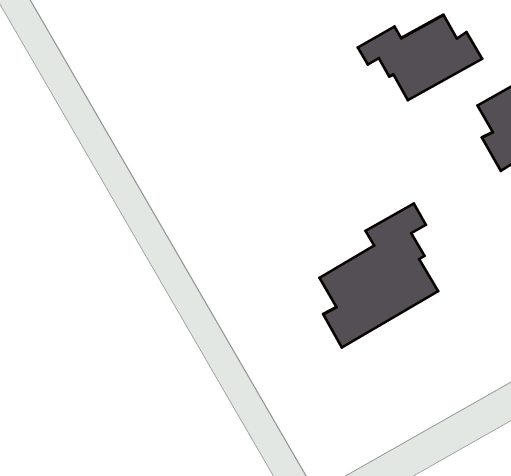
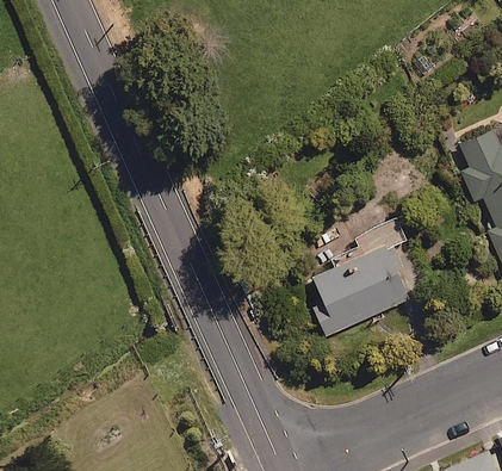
building: [358,15,482,100] -> none

